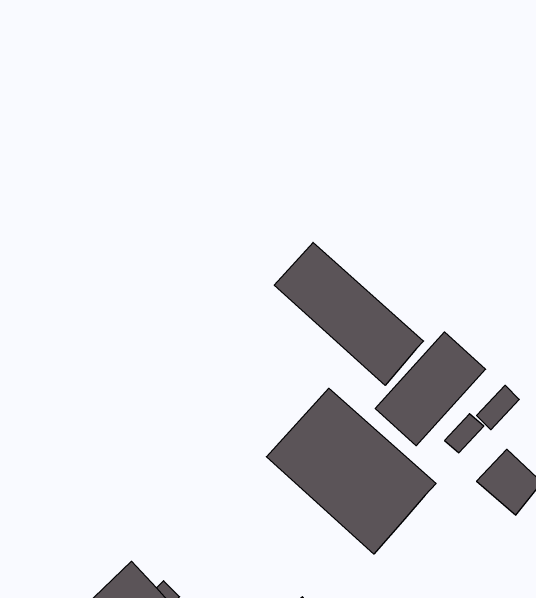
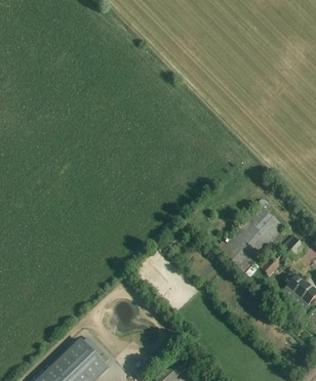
building: [274,242,424,385] -> none
building: [266,388,436,554] -> none

